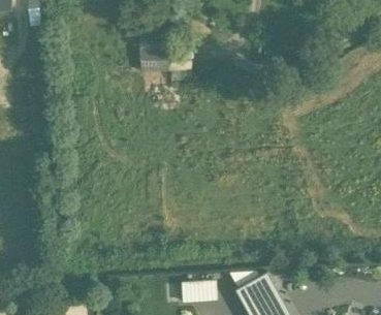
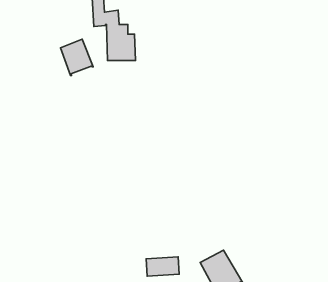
building: none -> [61,39,93,76]

